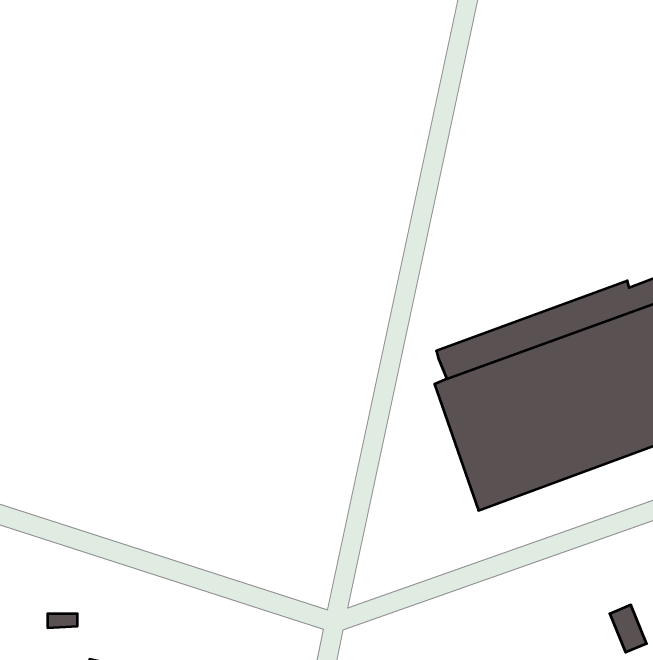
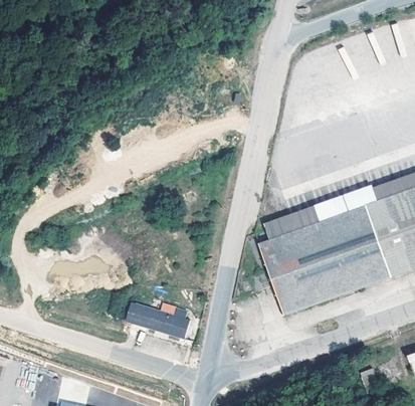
building: none -> [125,300,189,338]

